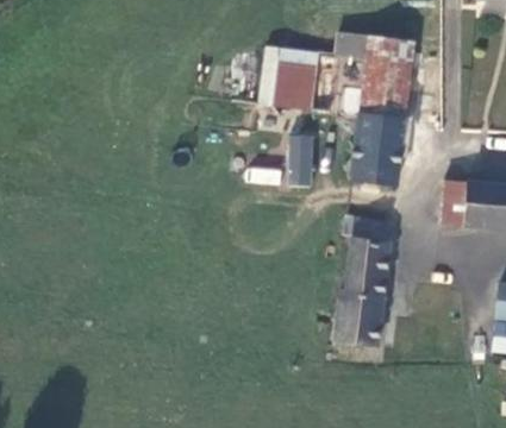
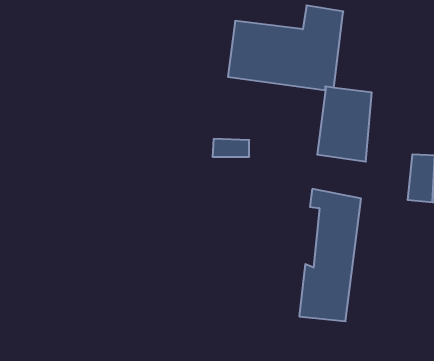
building: [366,37,414,118] -> none
building: [286,132,313,184] -> none

